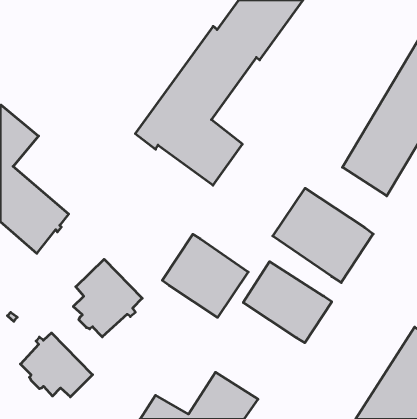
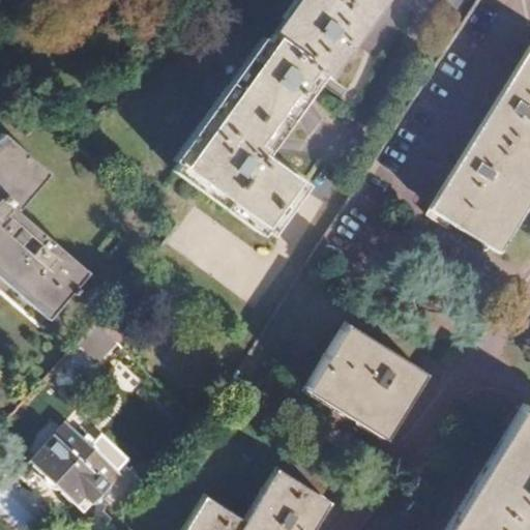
building: [273,188,373,283] -> none
building: [162,234,248,317] -> none
building: [73,259,142,337] -> none

